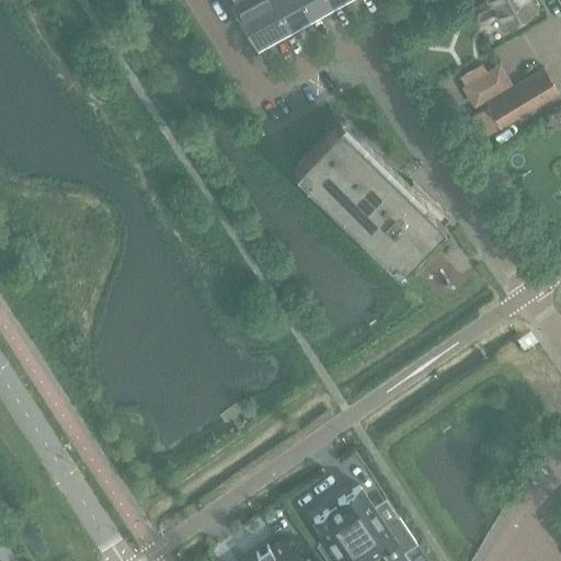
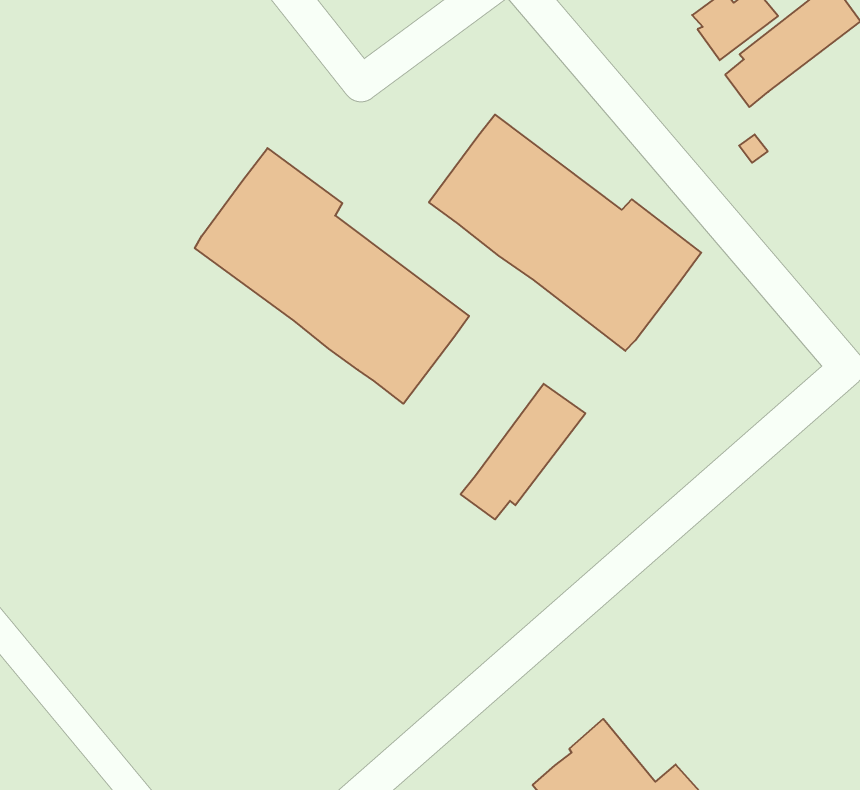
building: none -> [195,148,469,404]
building: none -> [461,384,585,519]

